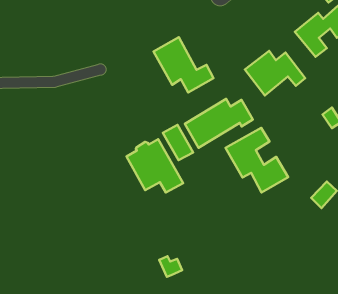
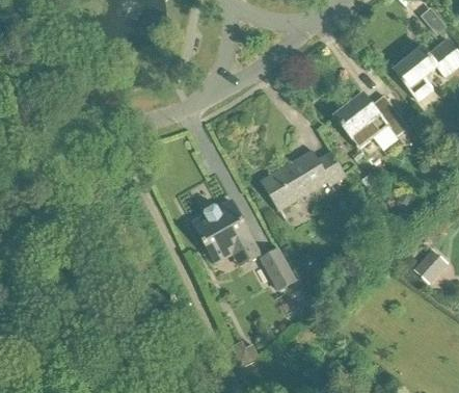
building: [153,37,214,93] -> none
building: [163,125,193,160] -> [260,248,296,291]
building: [226,128,288,193] -> none

